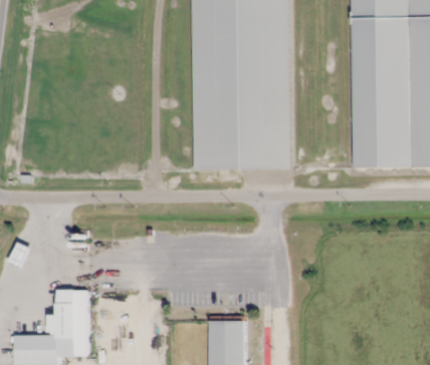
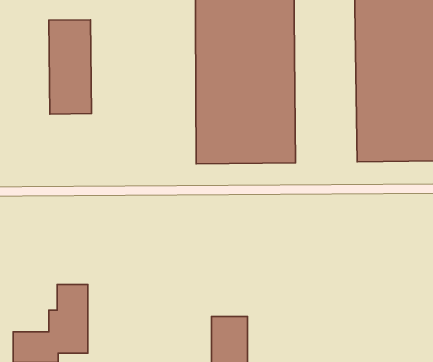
building: none -> [49,20,91,114]

